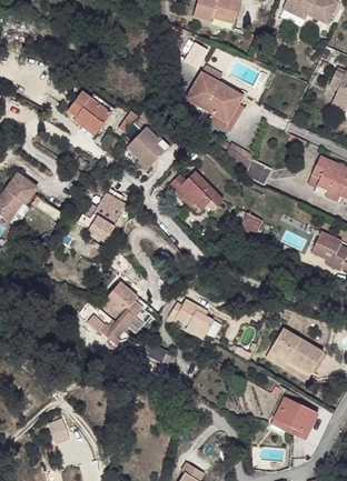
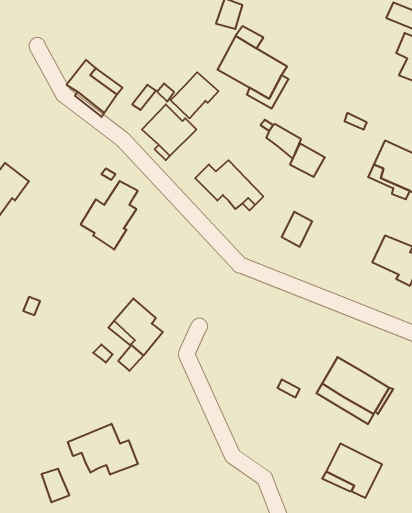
building: none -> [171,72,218,118]
building: [176,299,214,339] -> none
building: none -> [68,424,138,475]

